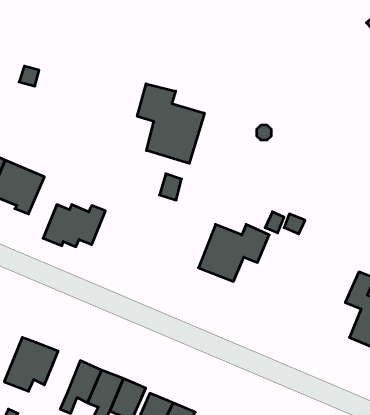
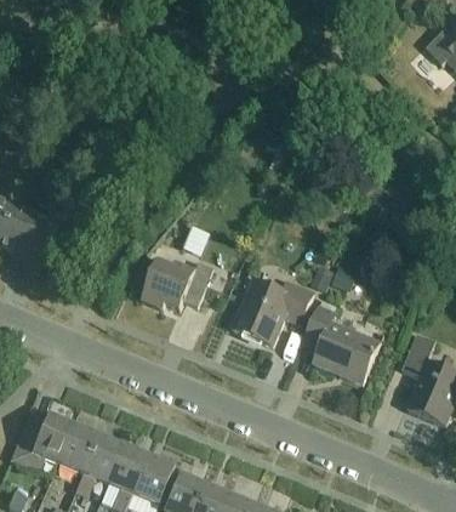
building: [137,84,204,163] -> none
building: [43,205,105,247] -> [143,260,215,308]
building: none -> [304,303,381,381]
building: none -> [57,423,98,473]

